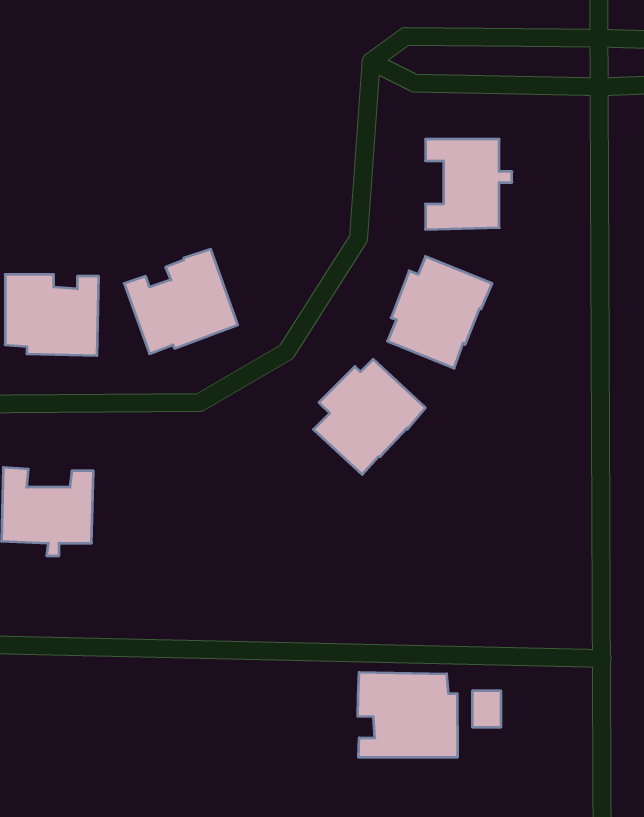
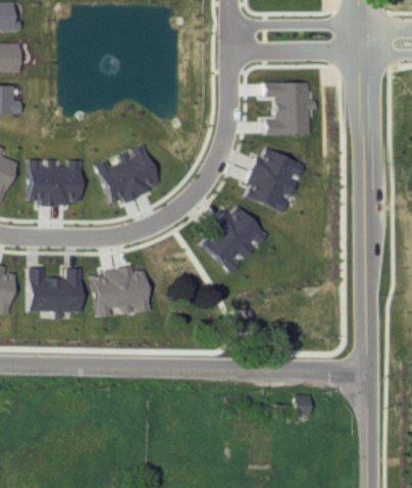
building: none -> [92,267,147,318]
building: [358,672,457,757] -> none

